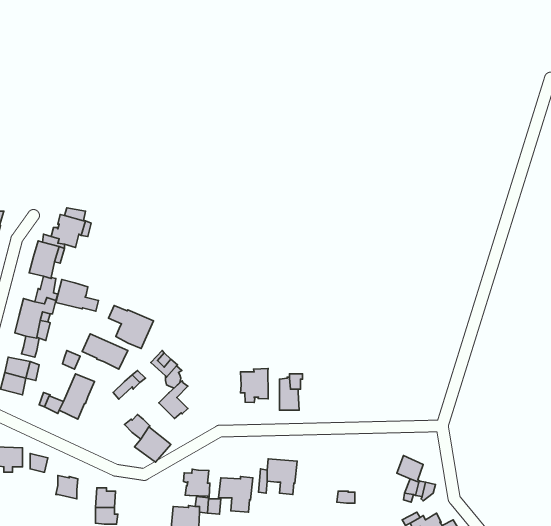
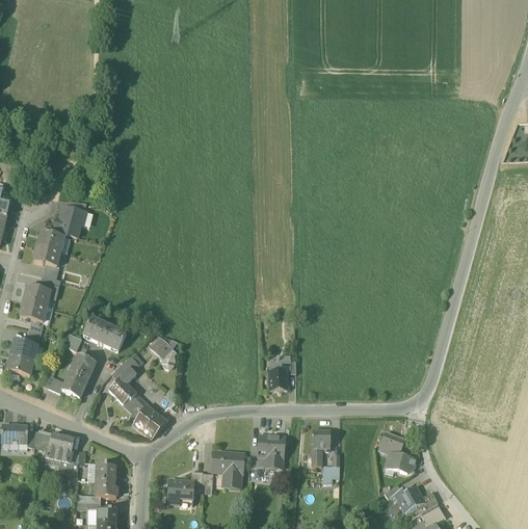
building: [56,280,99,311] -> none
building: [109,305,154,349] -> none
building: [240,368,268,402] -> none
building: [159,381,188,418] -> [108,367,135,402]
building: none -> [311,429,329,465]
building: none -> [45,432,74,459]
building: [184,469,210,497] -> none

